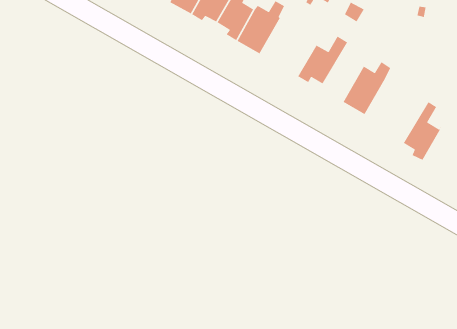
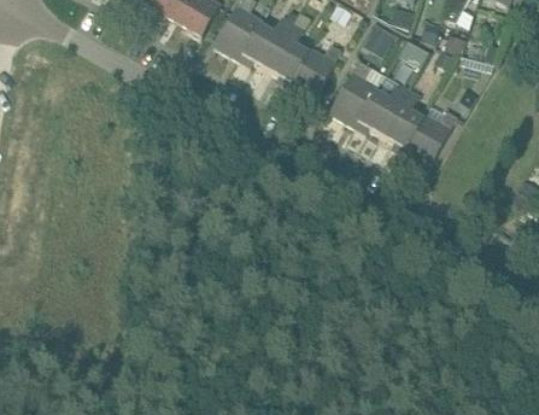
building: none -> [328,59,383,125]
building: [403,101,444,161] -> [381,88,426,153]

